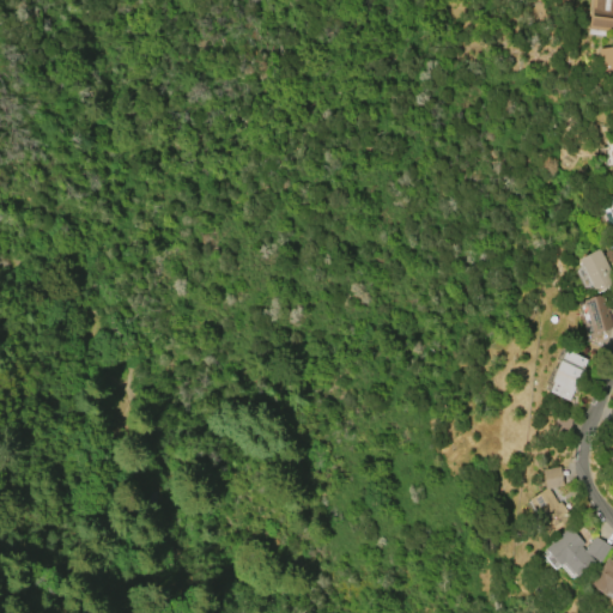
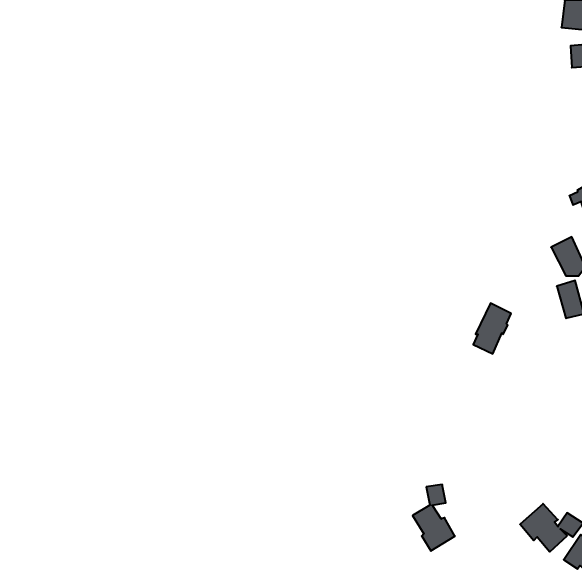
building: [550,348,589,401] -> [473,303,511,354]
building: [530,467,575,536] -> [413,485,455,551]

